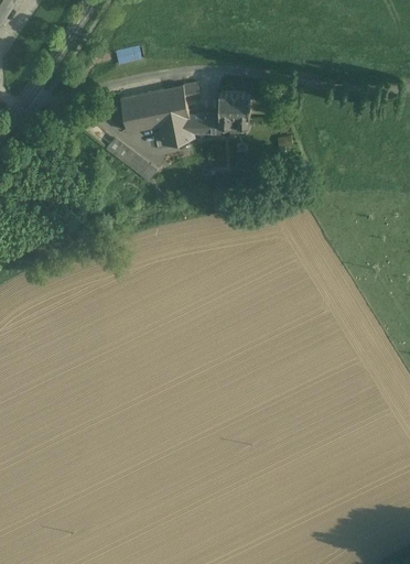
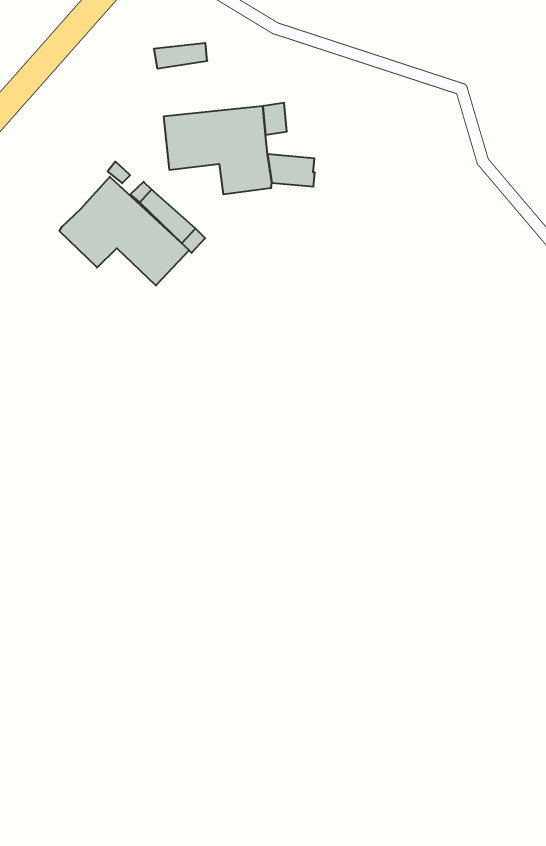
building: [218,95,249,127] -> none
building: none -> [60,177,189,286]

